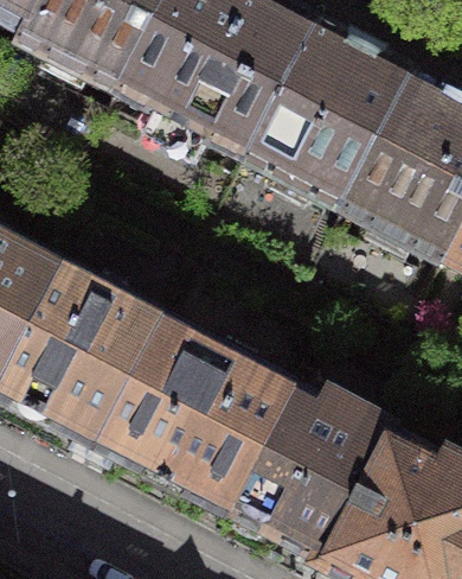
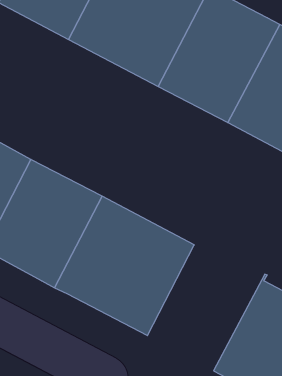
building: [226,382,392,560] -> none

